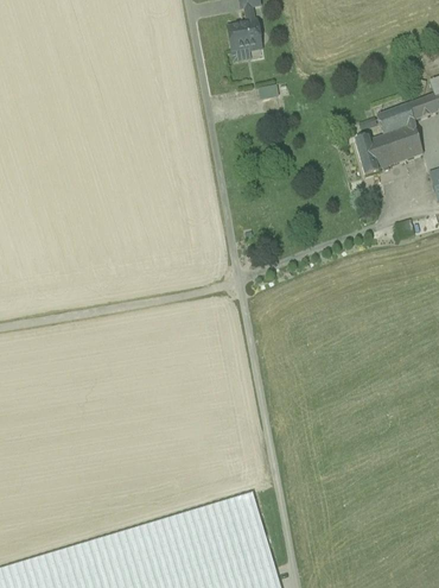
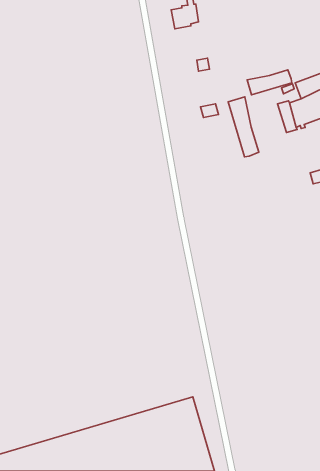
building: none -> [247,70,292,95]
building: none -> [228,97,259,157]

